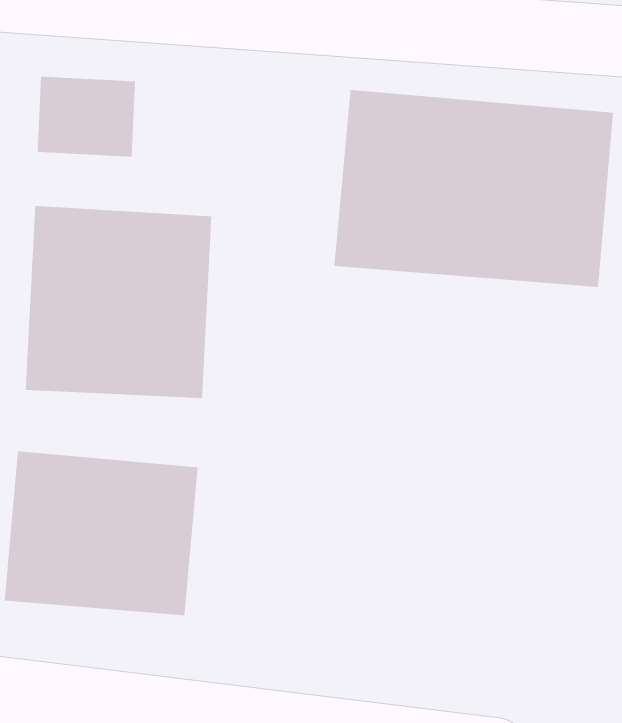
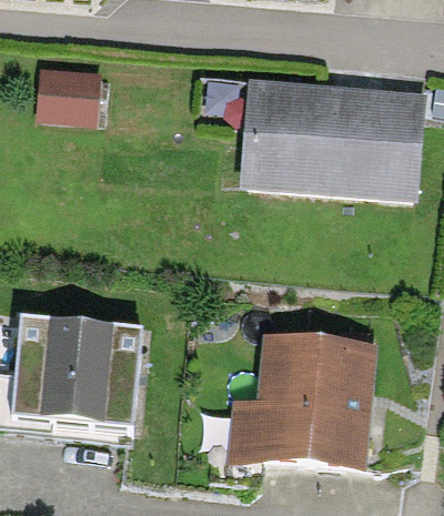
building: [25,205,212,399] -> none
building: none -> [254,330,377,474]

